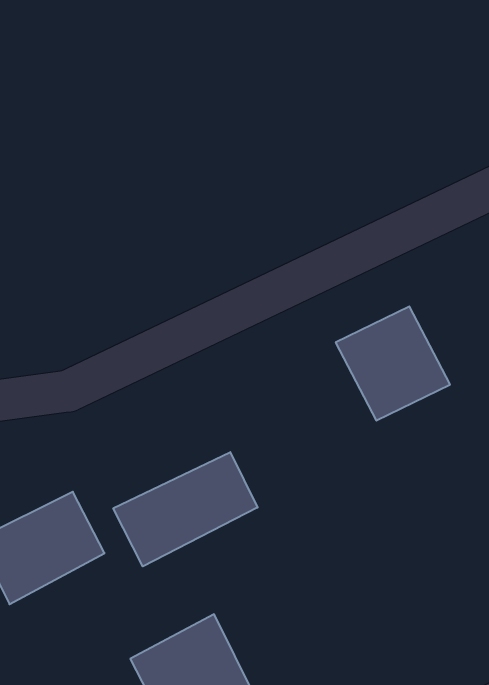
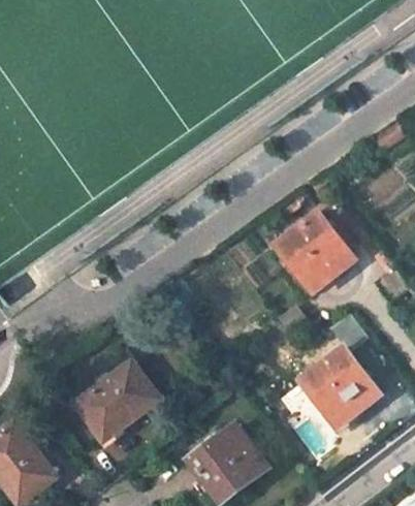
building: [113,452,258,566] -> none
building: none -> [306,354,382,433]

